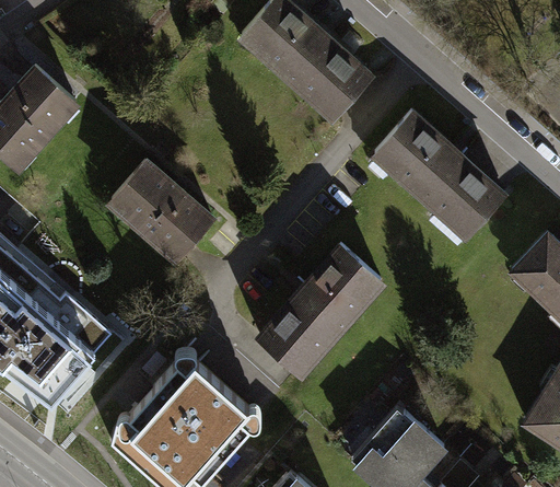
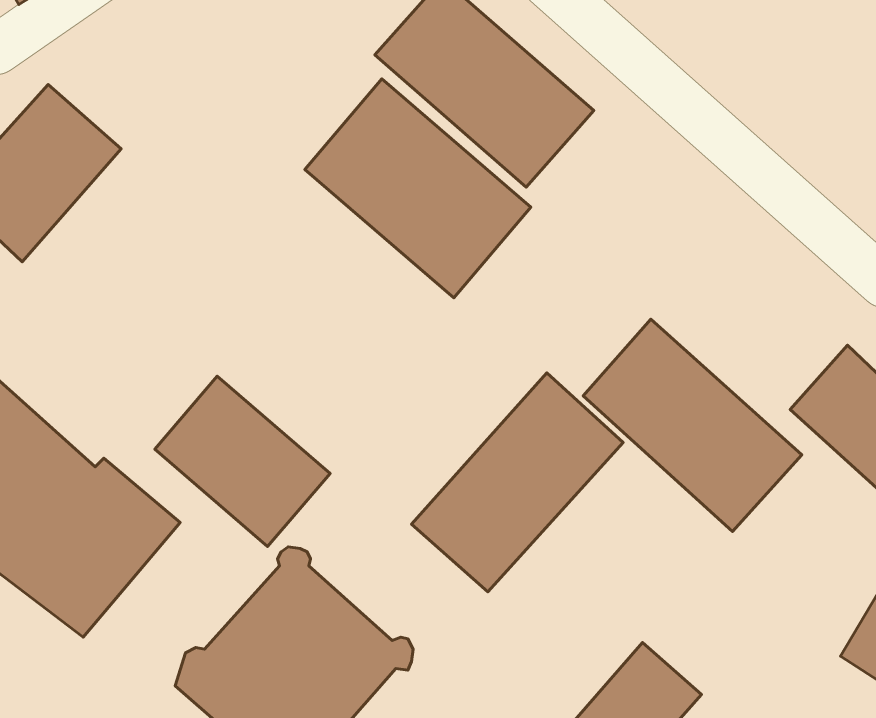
building: none -> [305,79,531,298]
building: [371,109,509,243] -> [583,319,802,531]
building: [103,154,213,262] -> [155,376,330,546]

